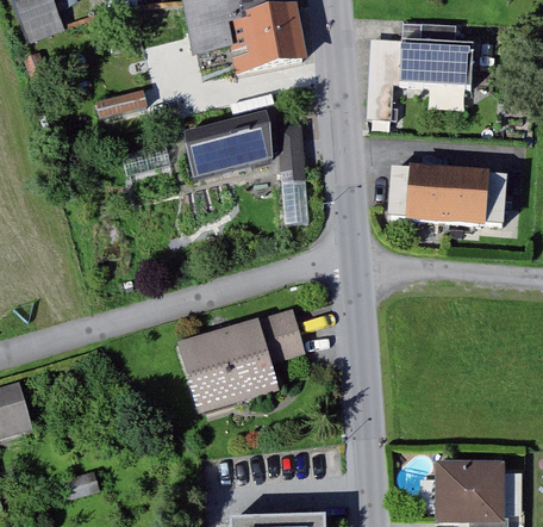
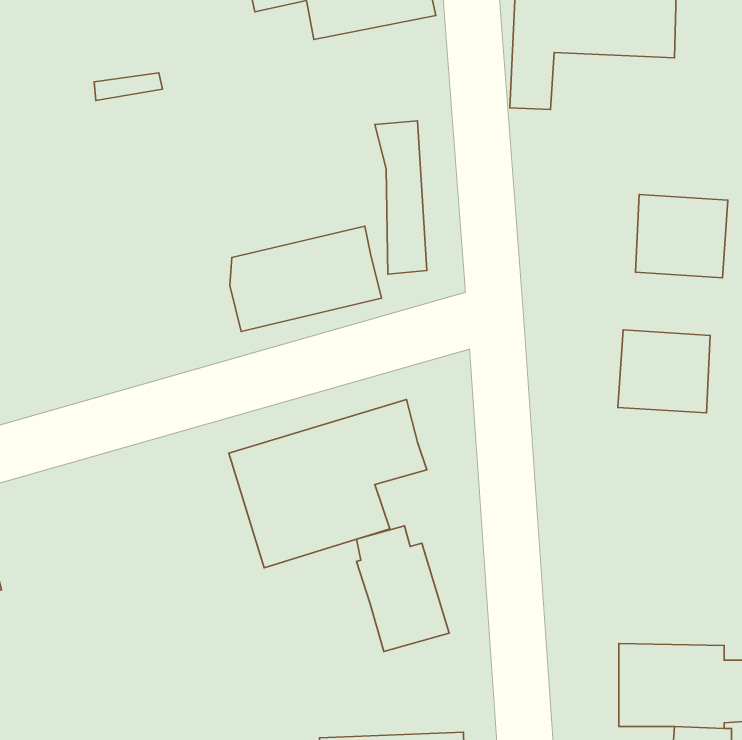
building: [185,110,282,178] -> [230,226,381,332]
building: [386,169,445,223] -> [618,330,710,413]
building: none -> [357,526,449,652]

